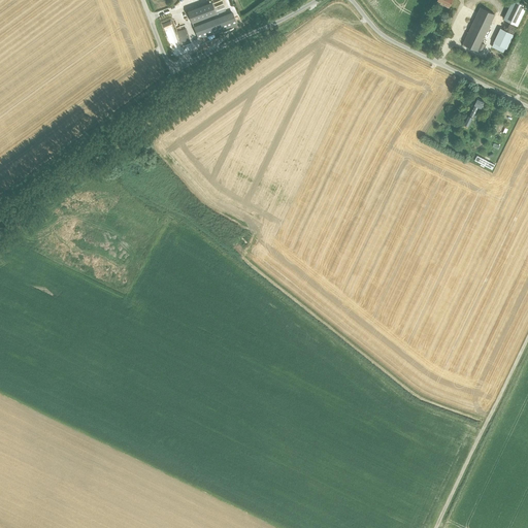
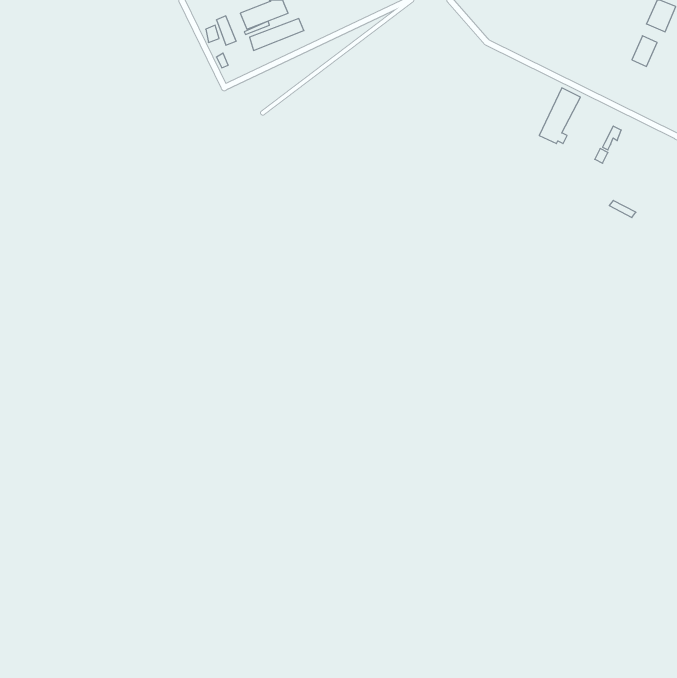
building: [462,7,494,51] -> [539,88,580,144]

